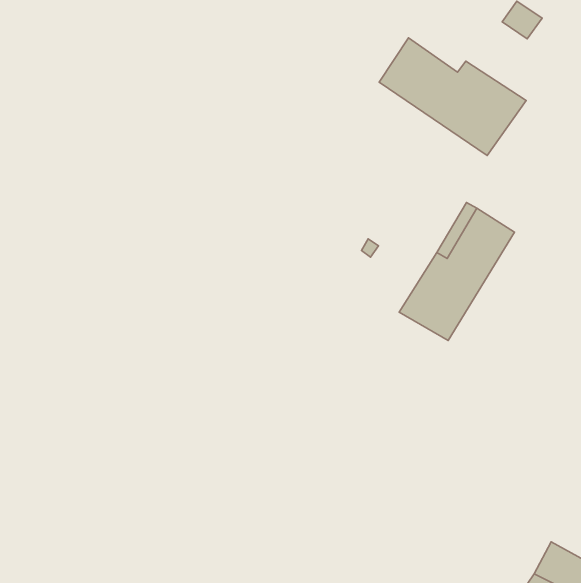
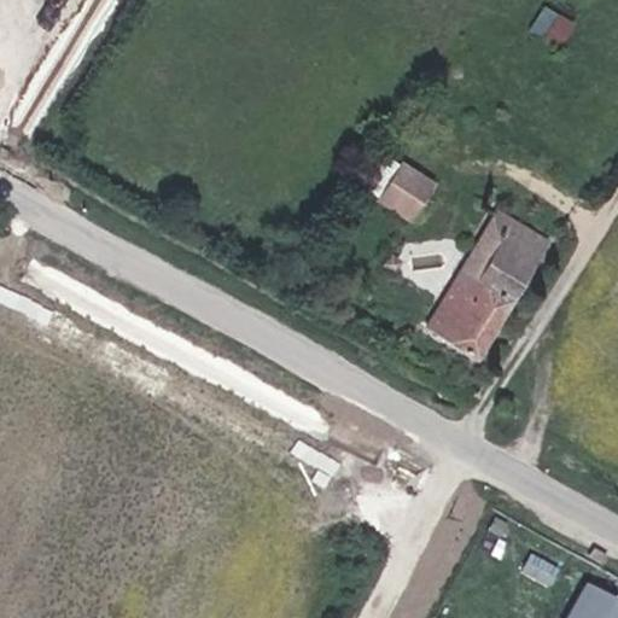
building: [379,38,526,156] -> none
building: none -> [380,162,436,220]

